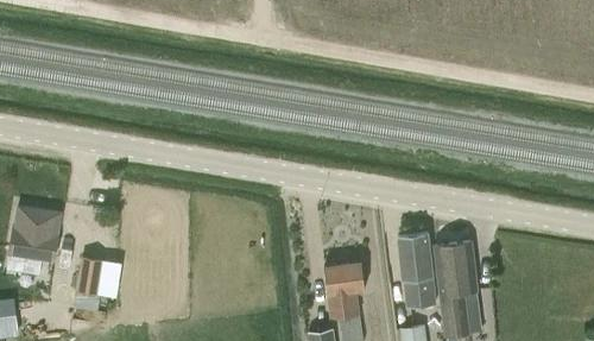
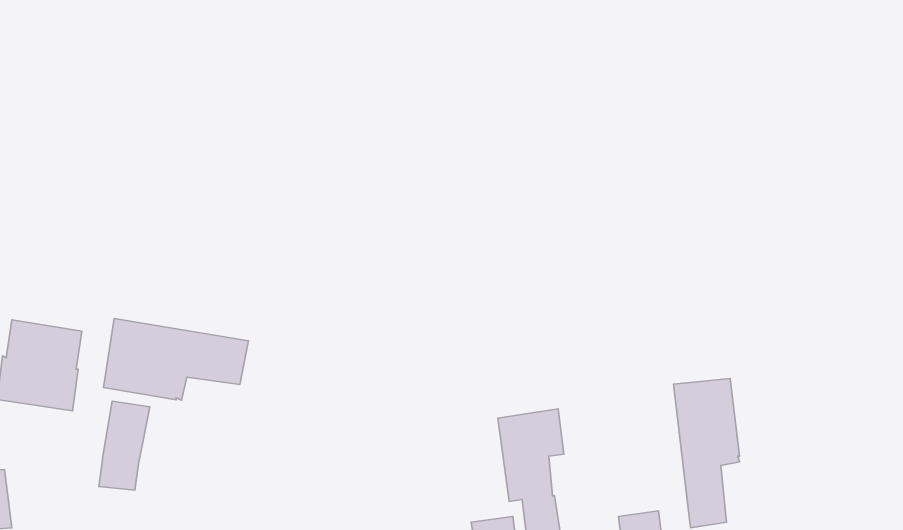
building: none -> [104,319,248,400]
building: [398,234,436,308] -> none

